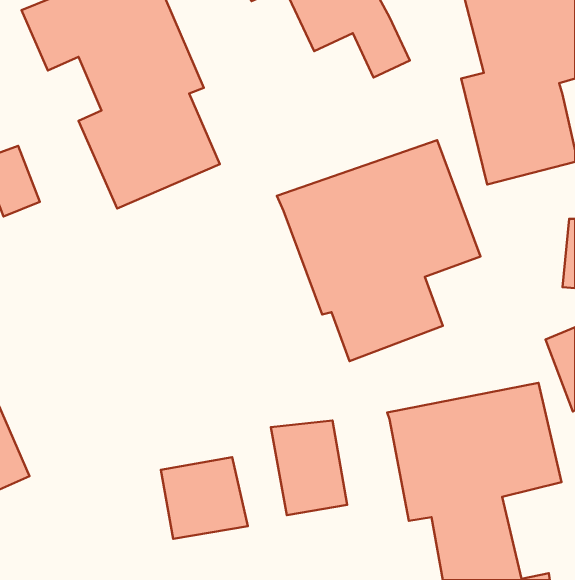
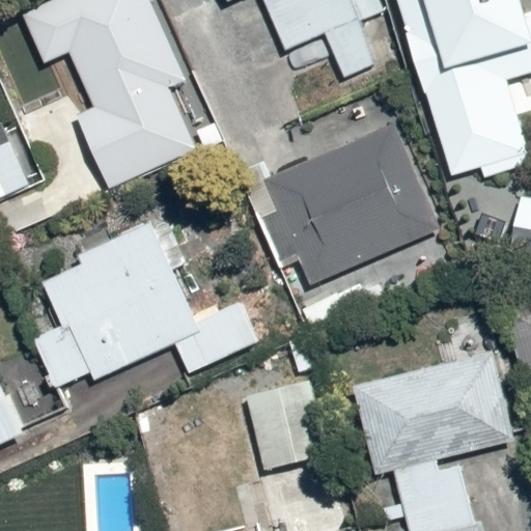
building: none -> [32,220,260,386]
building: [161,457,248,539] -> none

